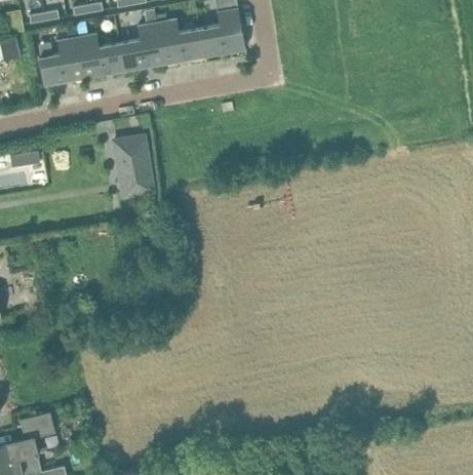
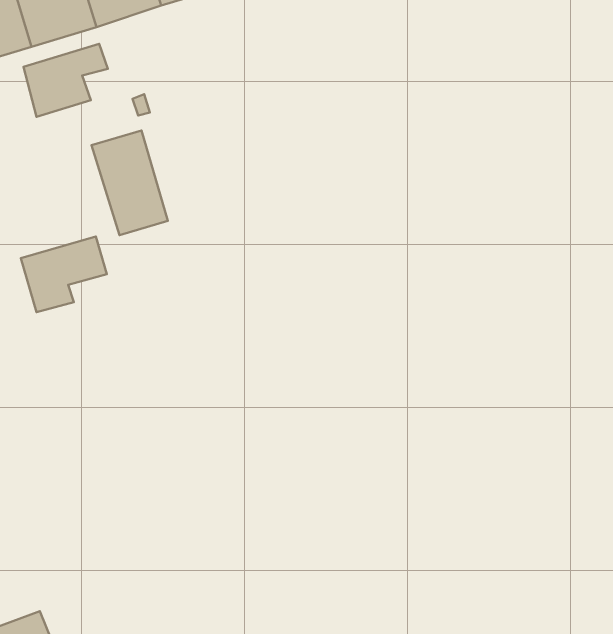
building: none -> [23,44,108,117]
building: none -> [21,236,107,312]

